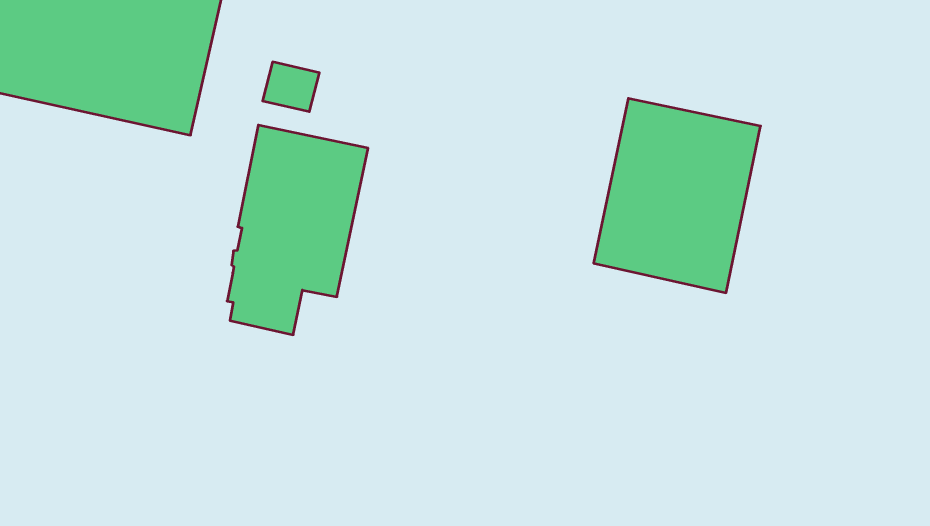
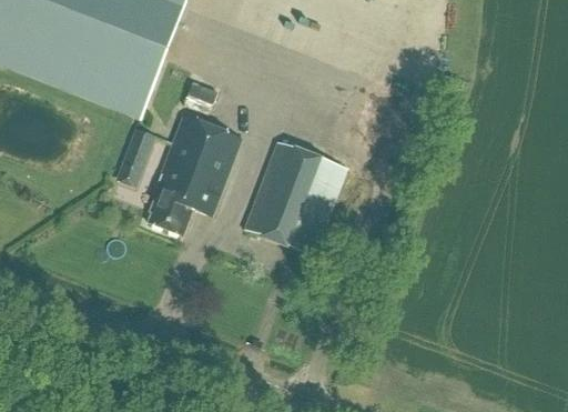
building: [594,98,761,293] -> [240,140,345,258]
building: none -> [116,127,154,182]

